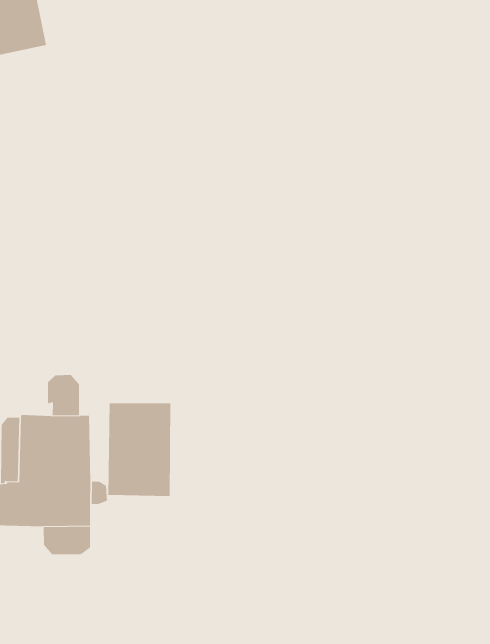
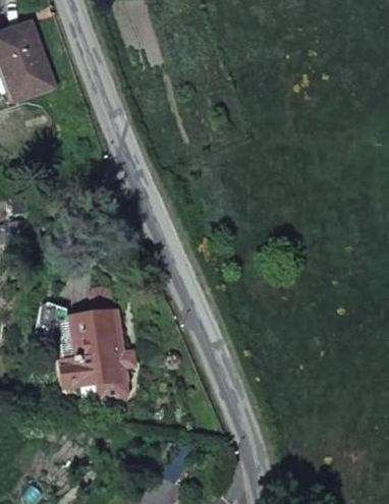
building: [108,403,171,497] -> none

